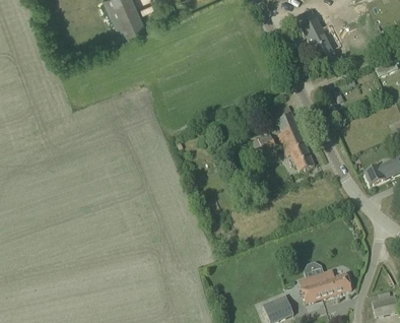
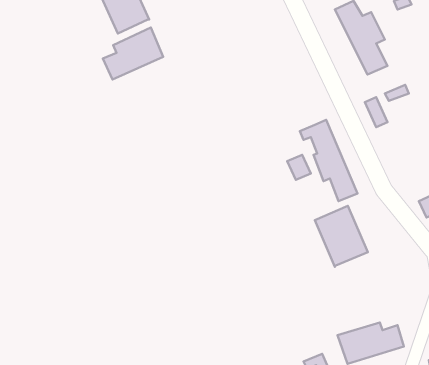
building: none -> [103,28,163,80]
building: none -> [315,206,368,267]

